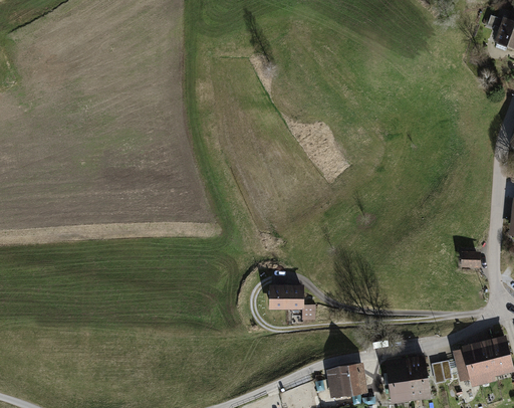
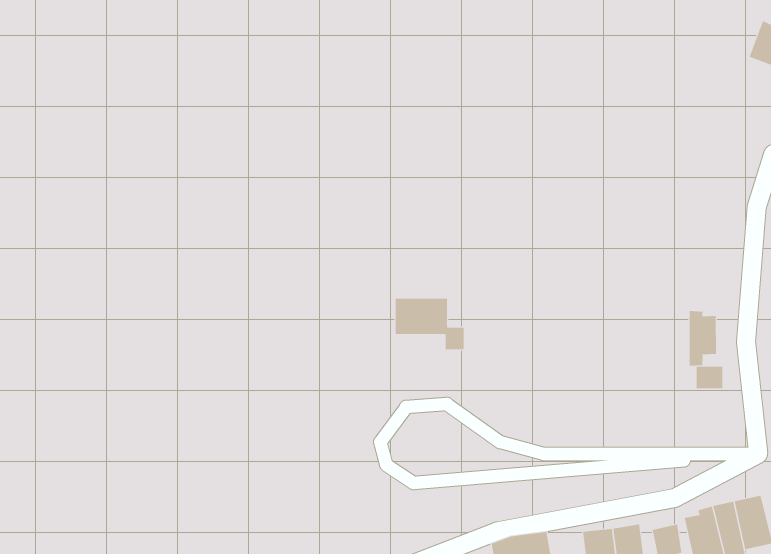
building: none -> [689,310,717,367]
building: [269,286,315,321] -> [395,298,465,350]

